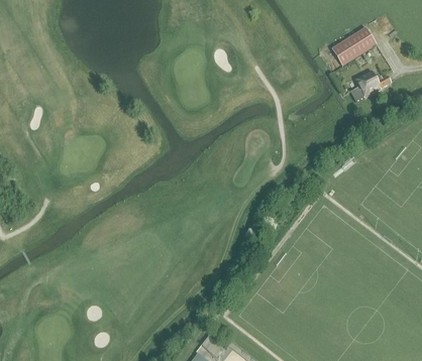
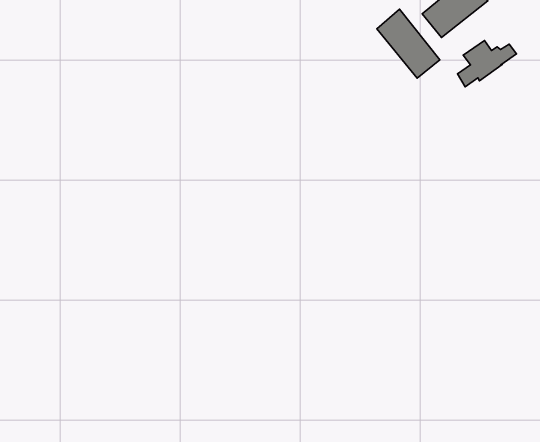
building: none -> [377,9,440,78]

